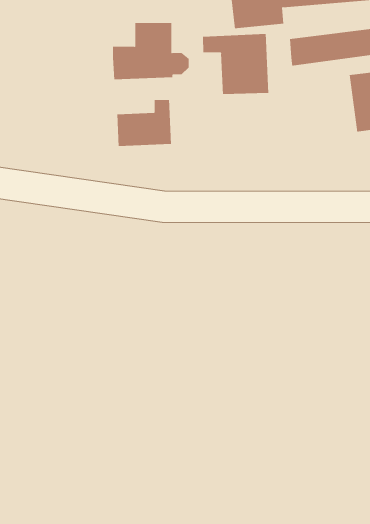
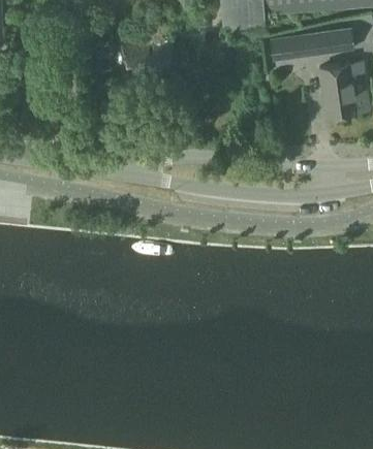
building: [203,33,269,95] -> none
building: [117,99,172,147] -> none

